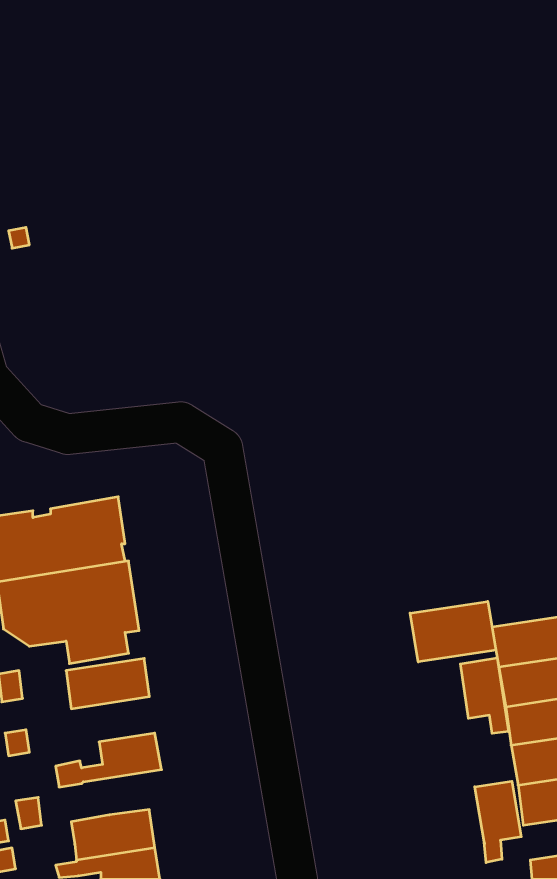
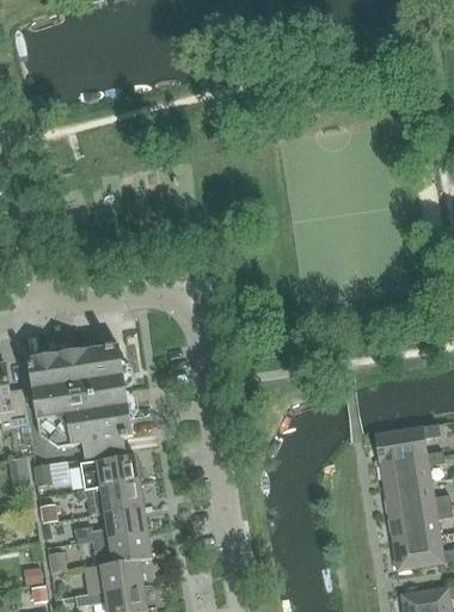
building: [410,601,496,662] -> none
building: [460,658,508,733] -> none
building: none -> [76,482,143,515]
building: none -> [93,532,152,563]
building: [475,781,521,863] -> none

